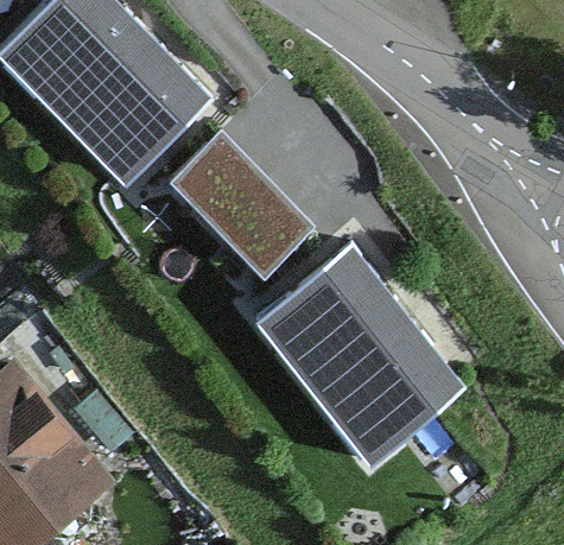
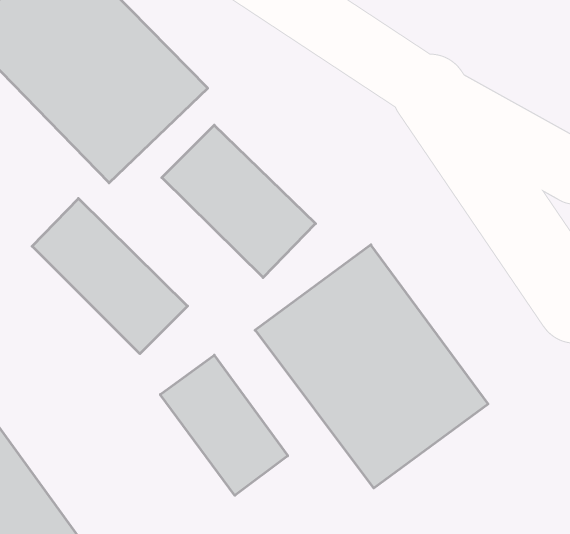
building: none -> [32,198,188,354]
building: none -> [160,355,288,495]

